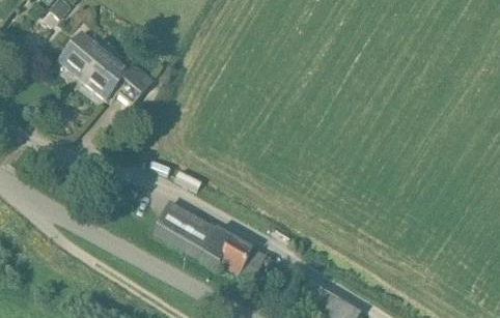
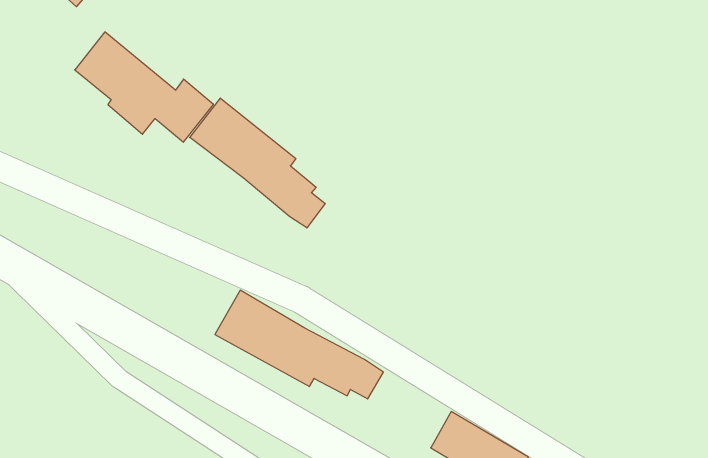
building: none -> [190,98,325,228]

